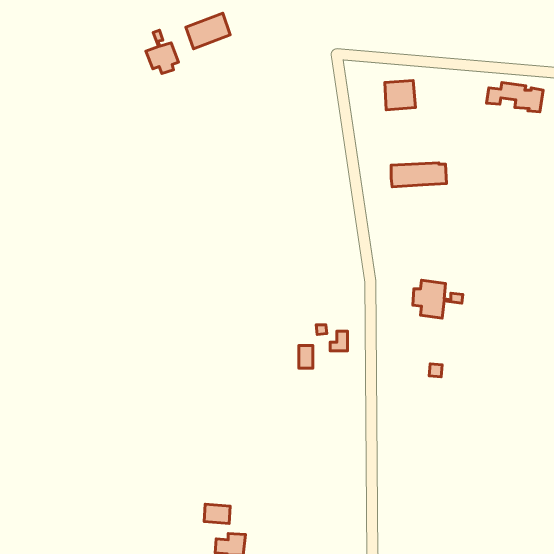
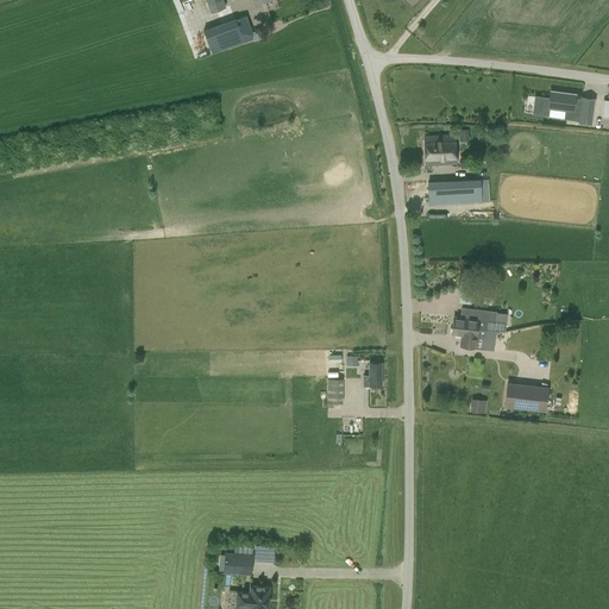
building: [146,30,178,73] -> none
building: [385,80,415,110] -> [425,134,458,167]
building: none -> [506,383,550,413]

